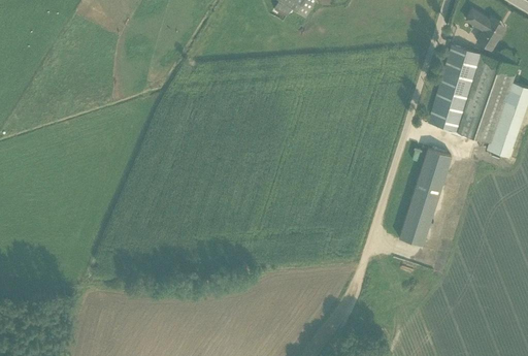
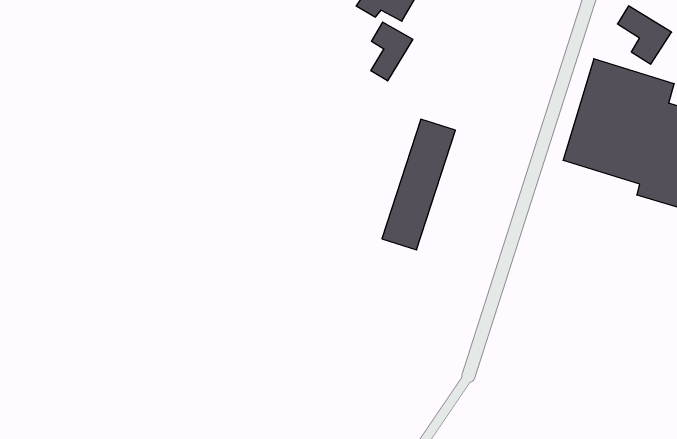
building: none -> [371,22,413,81]
building: [398,149,453,246] -> [382,119,455,250]

